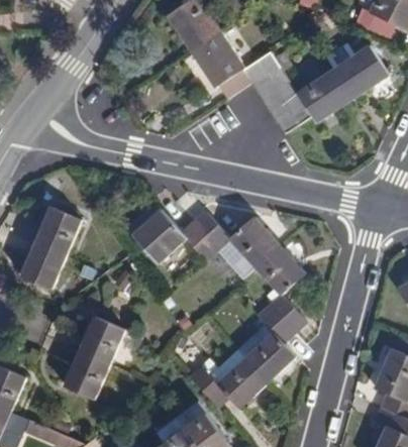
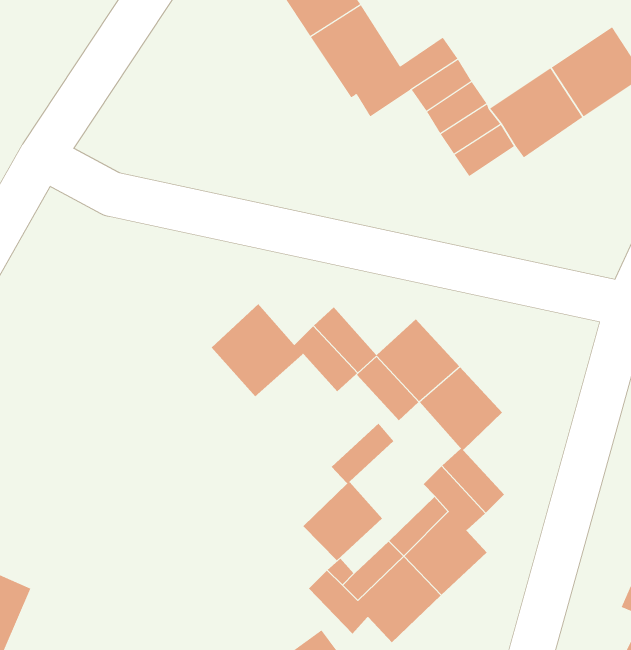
building: [21,207,81,290] -> none
building: none -> [302,423,394,561]
building: [64,317,124,400] -> none

